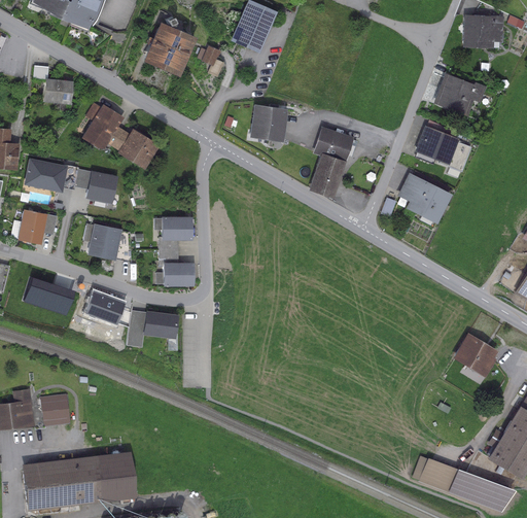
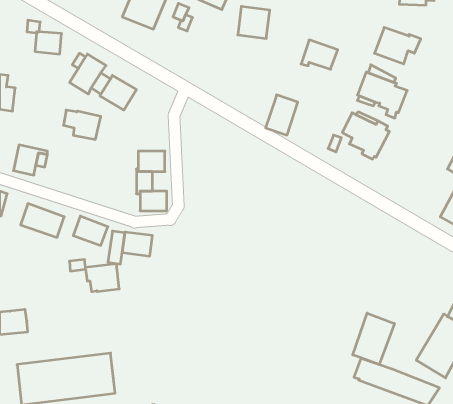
building: [250,104,287,141] -> [238,6,270,38]
building: [312,126,354,160] -> [301,40,338,69]
building: [23,158,79,193] -> none
building: [86,222,133,262] -> none
building: [449,333,493,377] -> none
building: [12,388,70,425] -> [69,260,119,292]
building: none -> [353,313,394,365]

